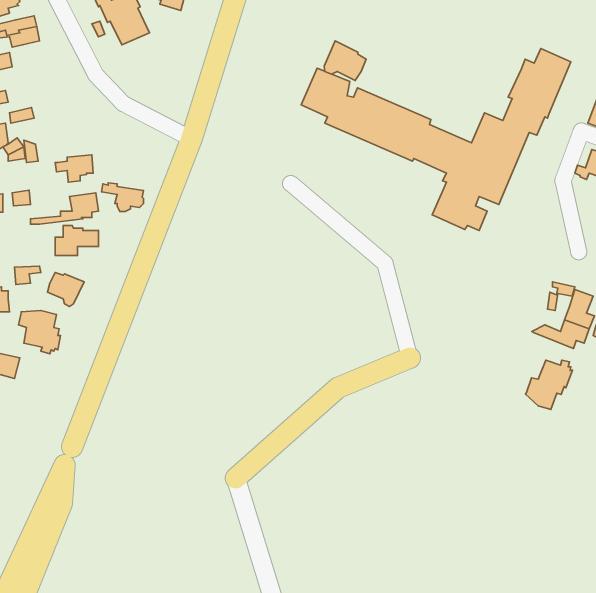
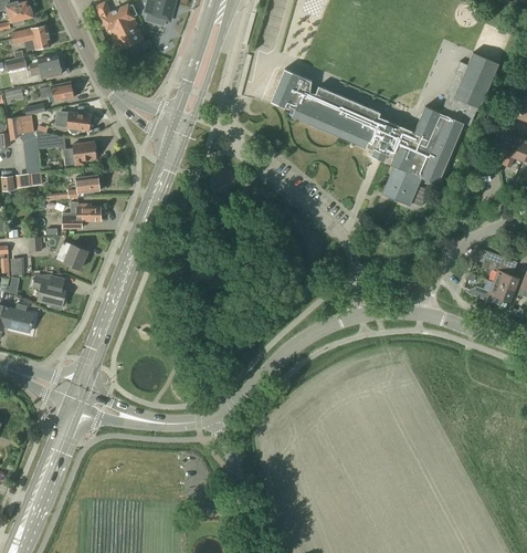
building: [324,41,366,80] -> none
building: none -> [29,55,61,79]
building: none -> [39,83,75,102]
building: [102,183,144,211] -> [55,109,91,134]
building: [526,360,573,409] -> none

